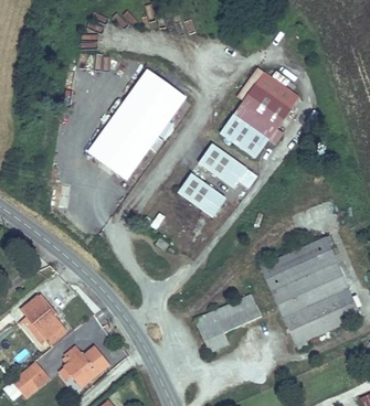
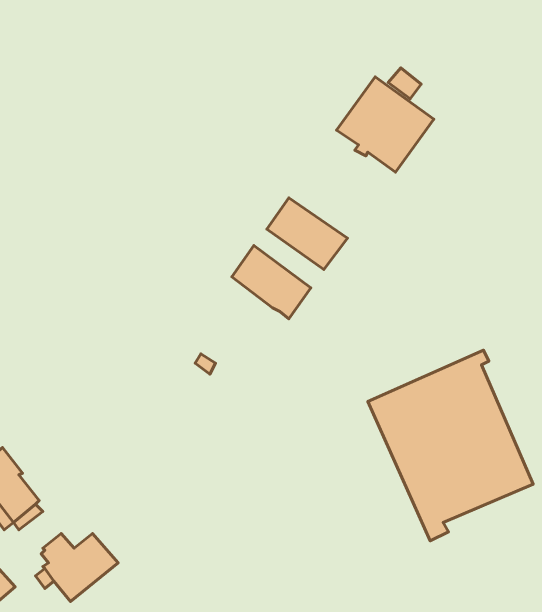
building: [88,70,183,179] -> none
building: [220,114,268,158] -> none
building: [194,293,261,352] -> none

